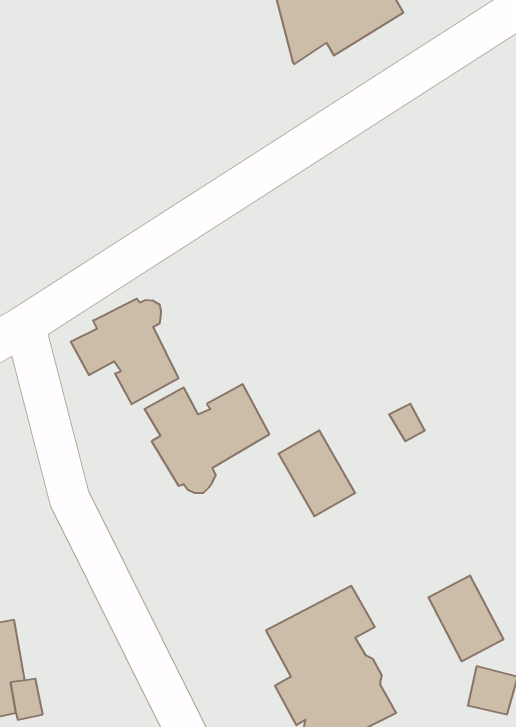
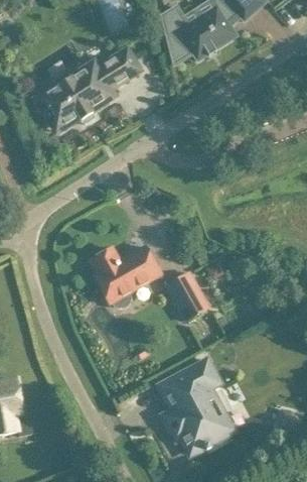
building: none -> [35,43,143,130]
building: [71,299,178,404] -> none
building: [428,575,503,661] -> none

